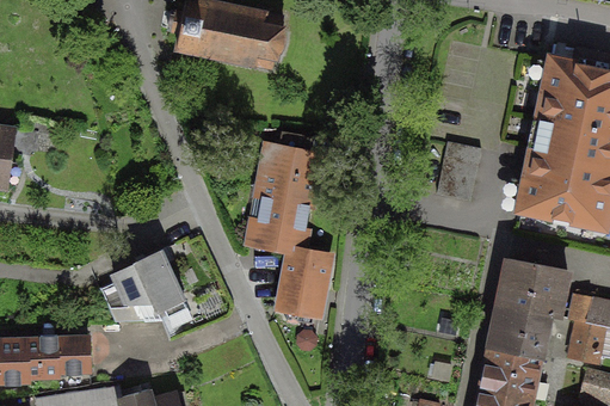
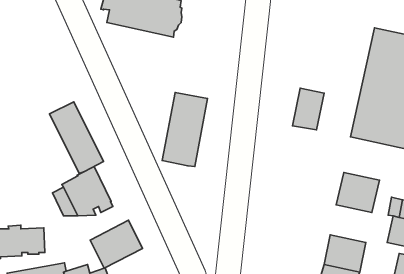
building: none -> [49,102,104,174]
building: [281,250,329,313] -> none
building: [491,304,549,357] -> none
building: none -> [90,220,143,268]

